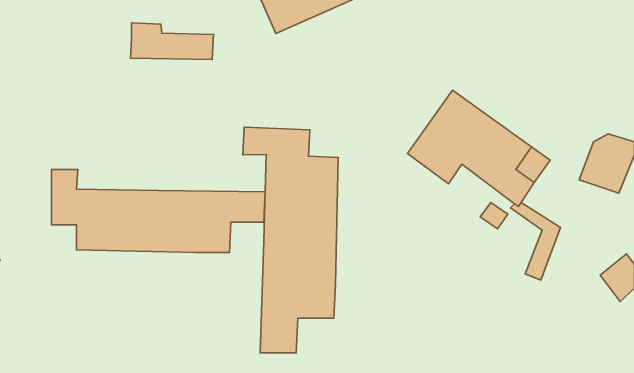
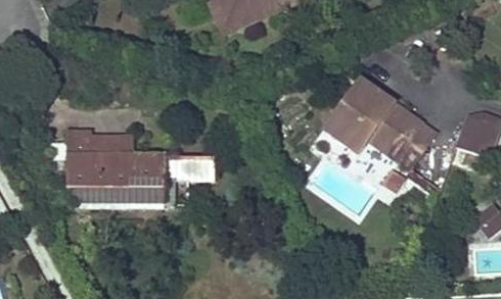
building: [130,23,213,60] -> [67,127,132,155]
building: [243,127,338,353] -> none

